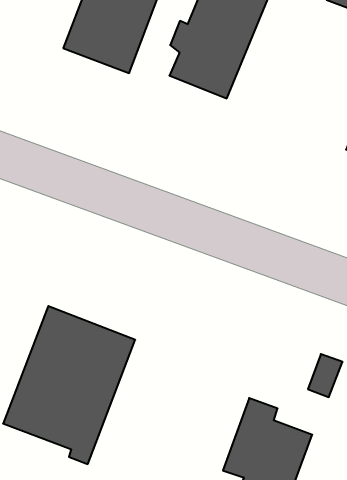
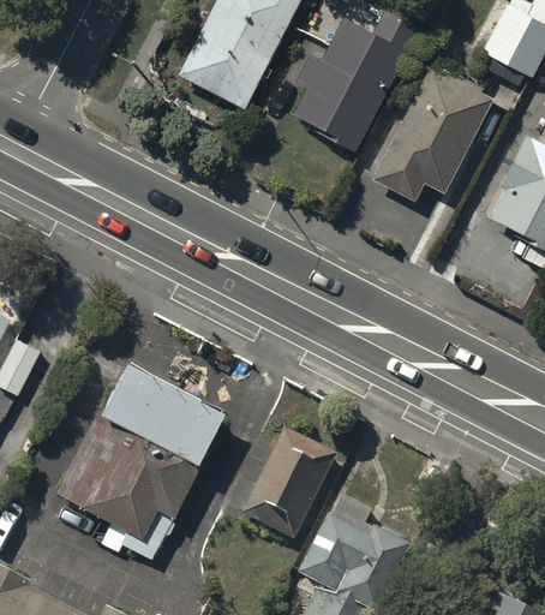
building: none -> [372,64,496,203]
building: none -> [244,432,333,537]

